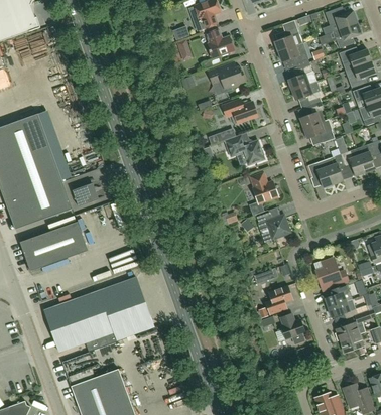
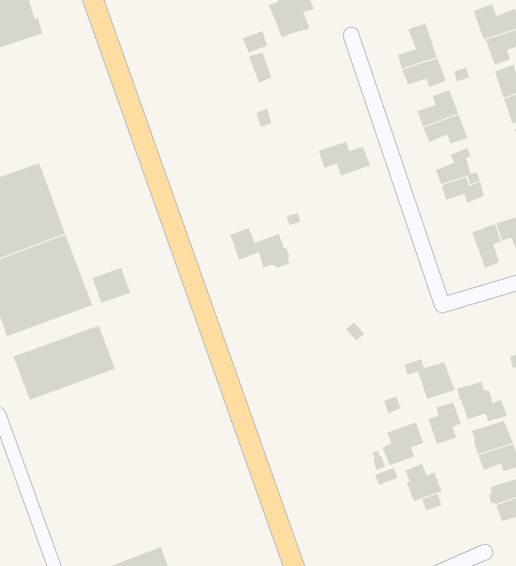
building: [207,28,235,57] -> none
building: [209,61,246,93] -> none
building: [225,135,265,162] -> [229,227,290,268]
building: [308,159,334,188] -> none
building: [251,172,278,202] -> none
building: [257,212,291,239] -> [404,358,455,399]
building: none -> [427,402,462,445]
building: [44,277,154,352] -> none

